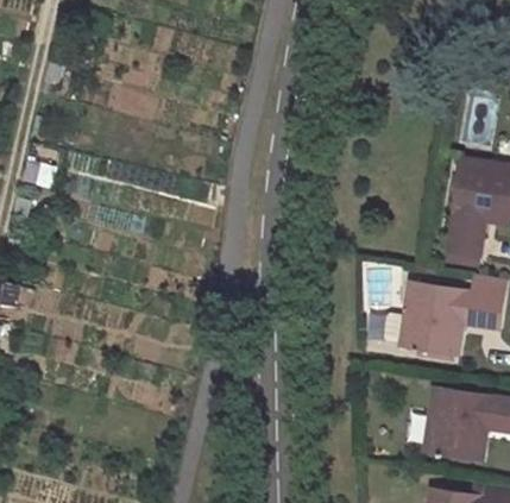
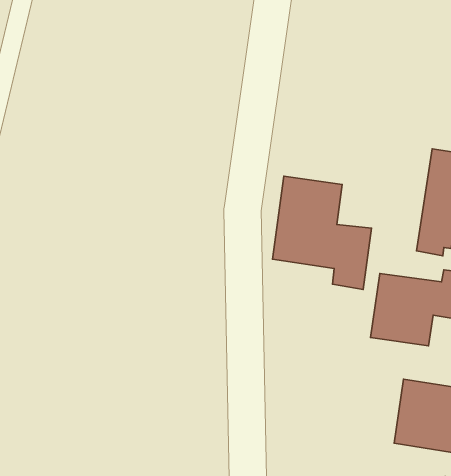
building: none -> [272,176,372,290]

